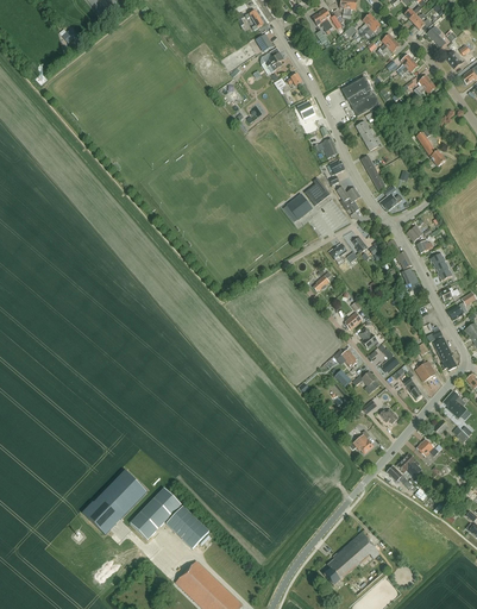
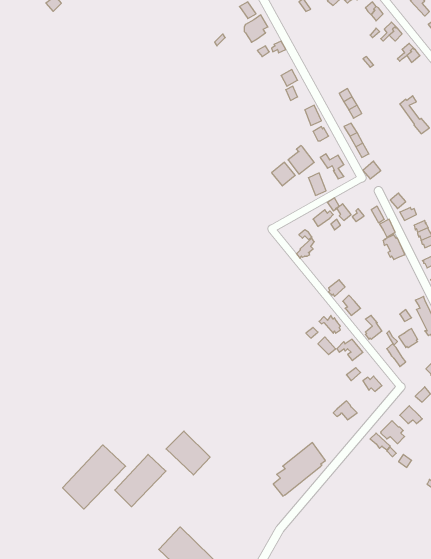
building: [341,76,379,115] -> none
building: [165,504,209,548] -> [166,431,210,475]
building: [324,530,376,584] -> [273,443,325,496]

